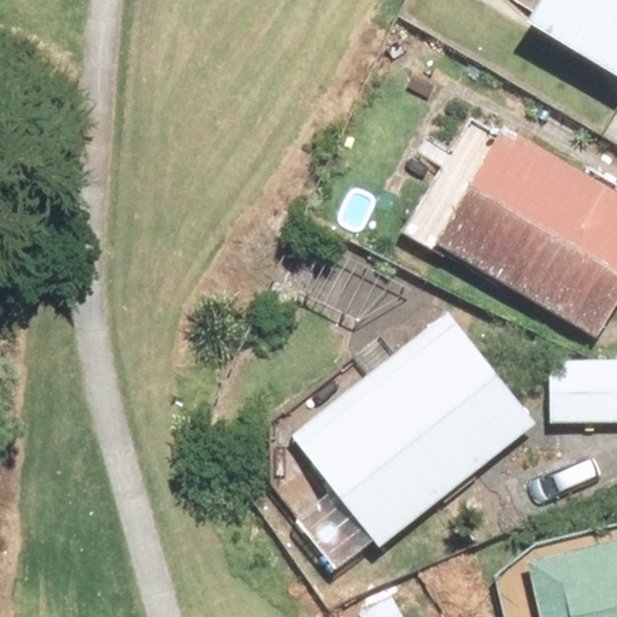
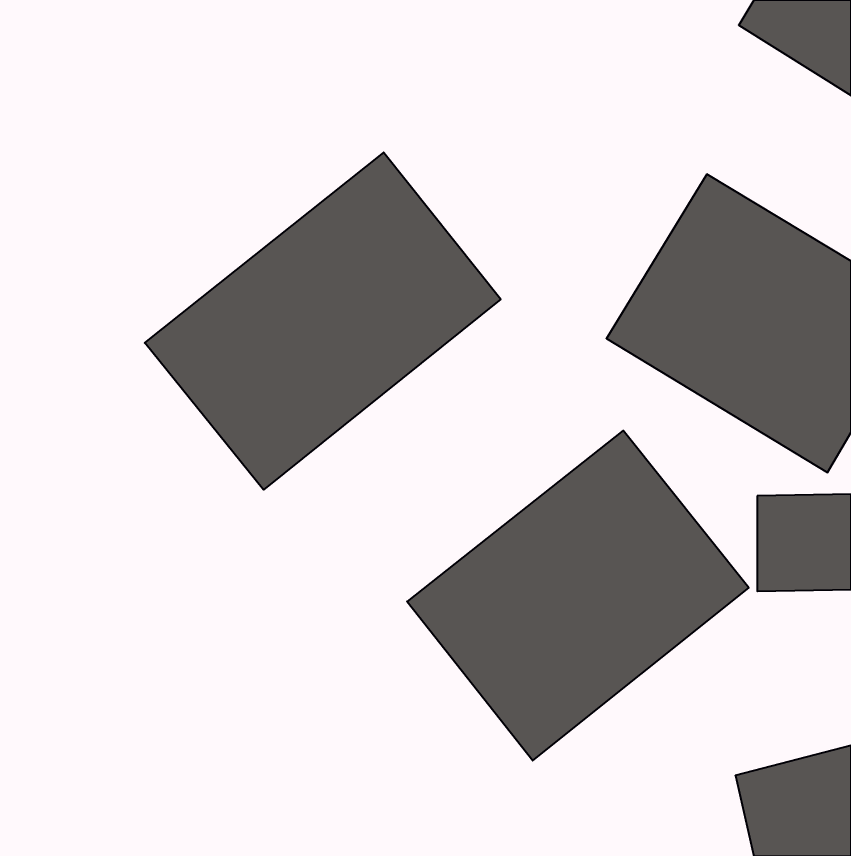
building: none -> [145,152,501,490]

